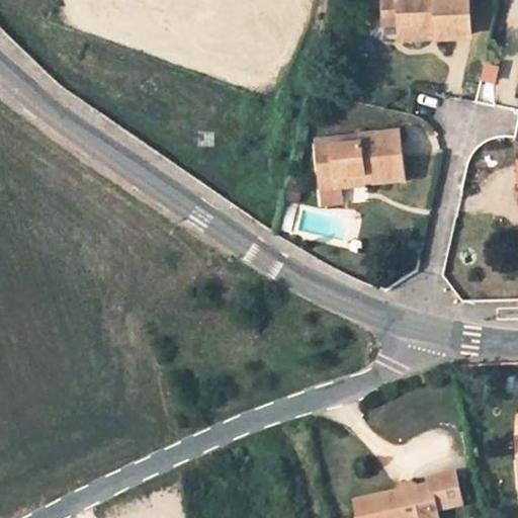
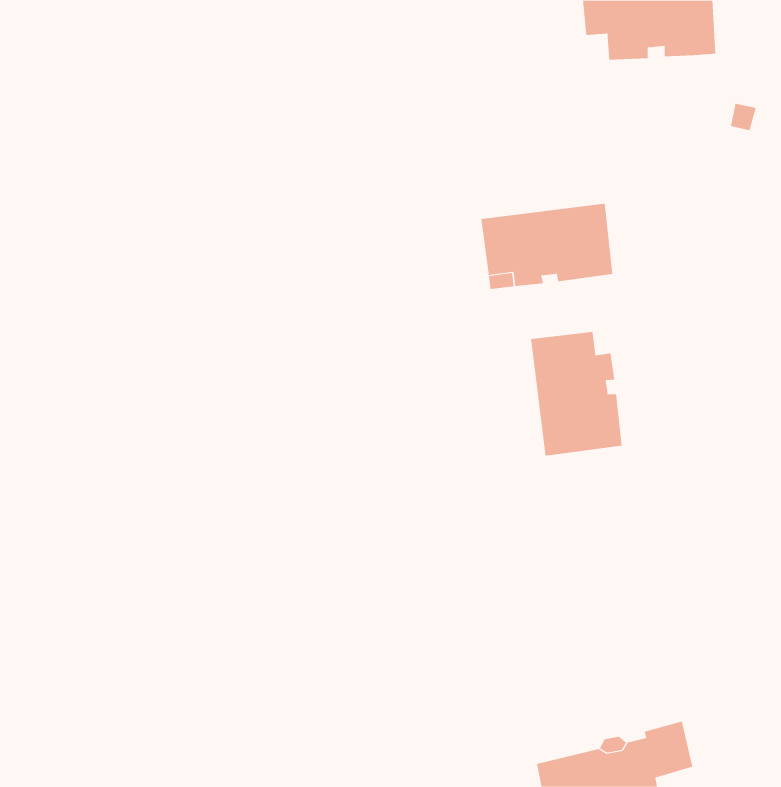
building: none -> [530,331,622,457]

